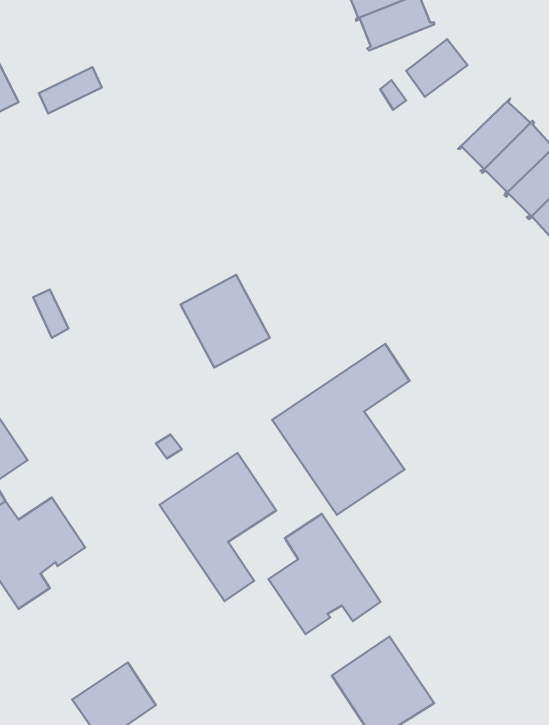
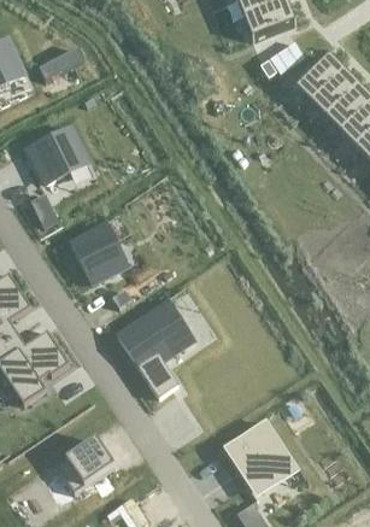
building: none -> [294,54,343,103]
building: none -> [29,125,88,182]
building: [181,275,270,368] -> [69,222,127,282]
building: [272,344,409,515] -> none
building: [268,514,380,634] -> none

